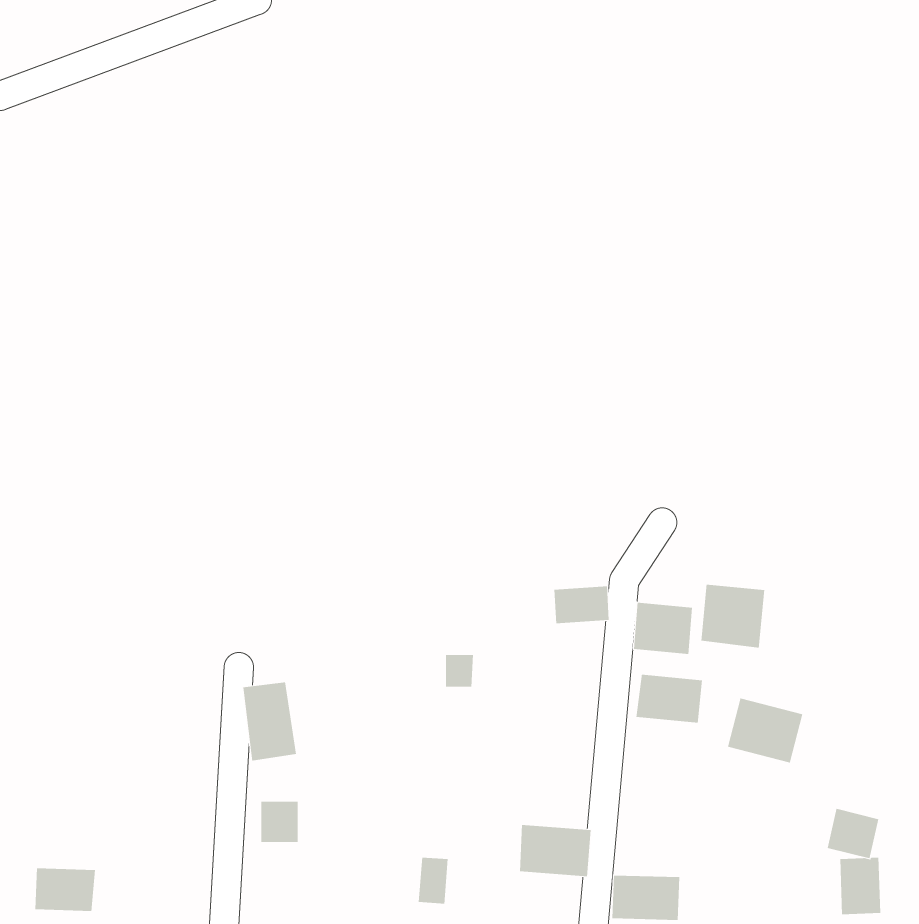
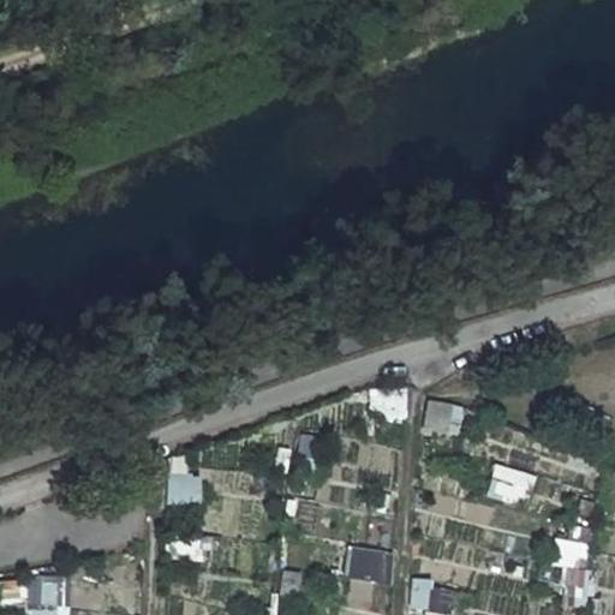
building: [701,584,765,648] -> none
building: [636,674,702,723] -> none

